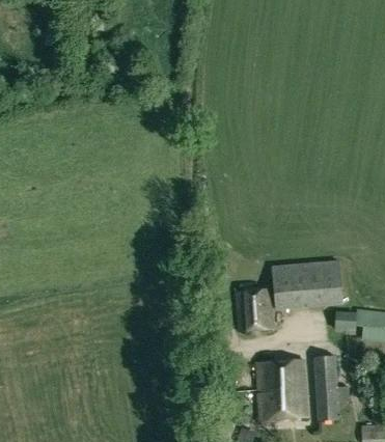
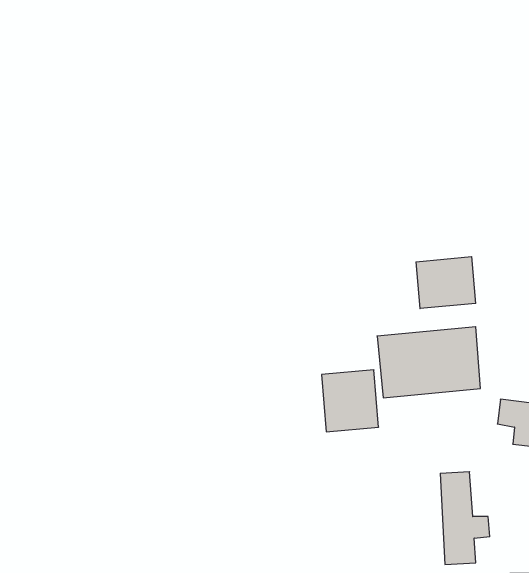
building: none -> [416,257,476,309]
building: [257,360,306,419] -> none

